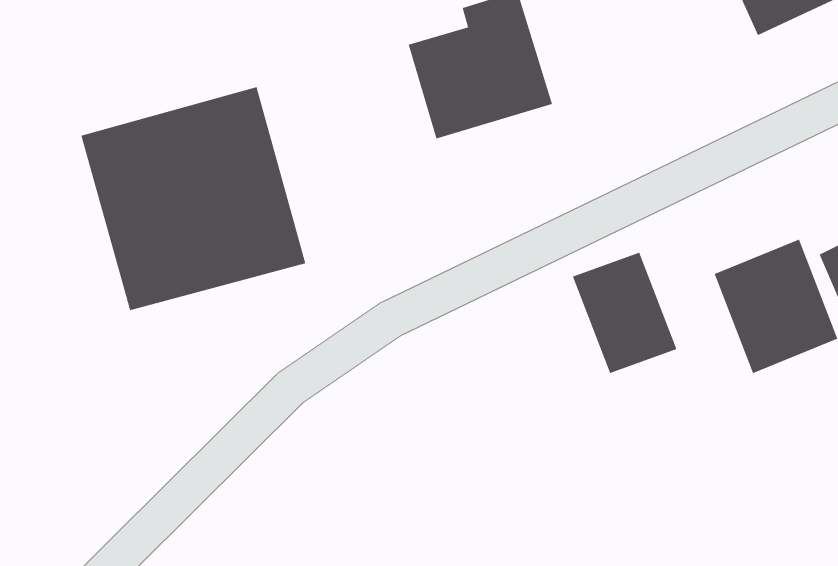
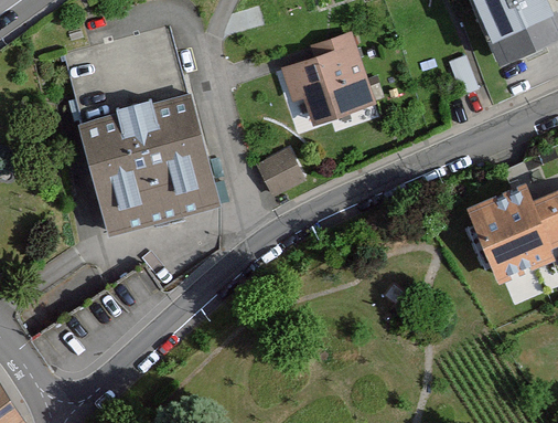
building: none -> [257,152,305,203]
building: [572,252,677,374] -> none

